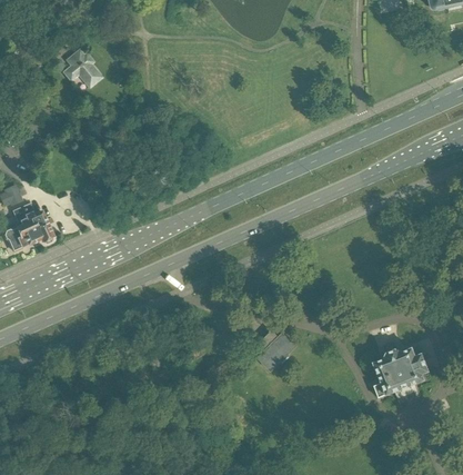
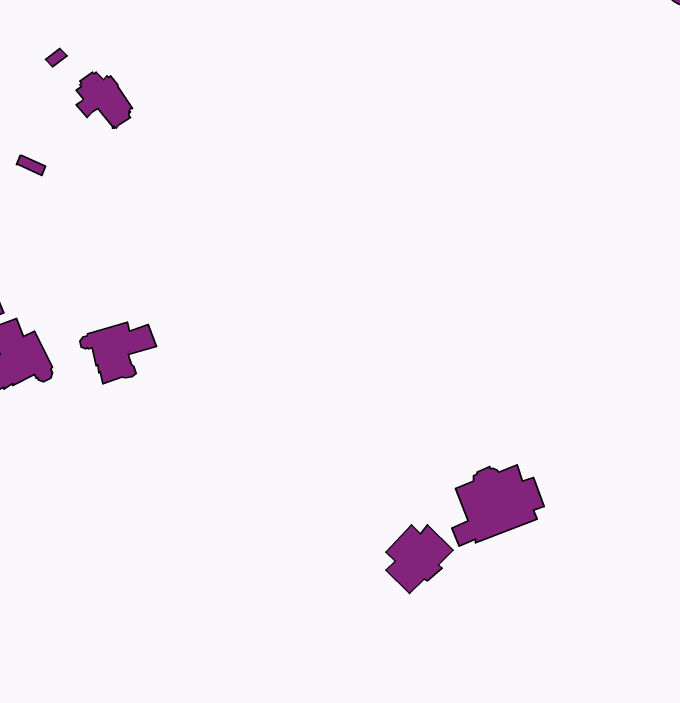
building: none -> [80,322,156,384]
building: [373,346,430,396] -> [452,465,544,546]

